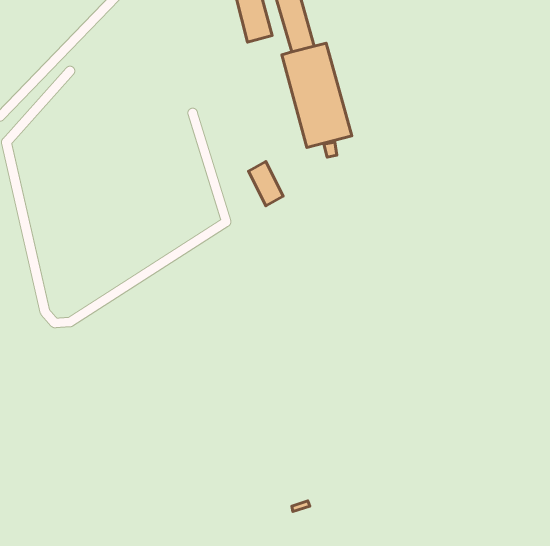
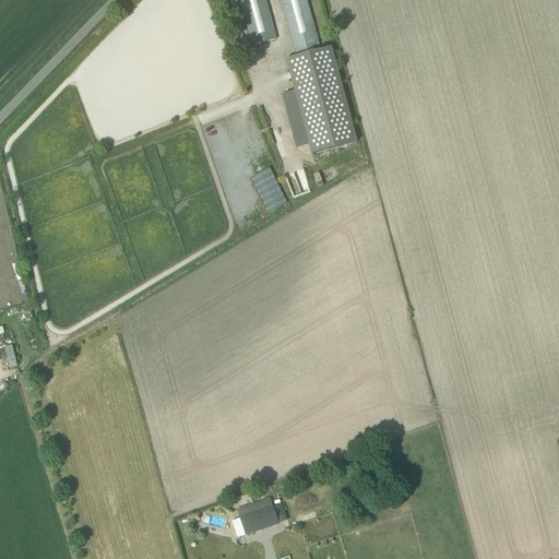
building: none -> [239,495,278,533]

